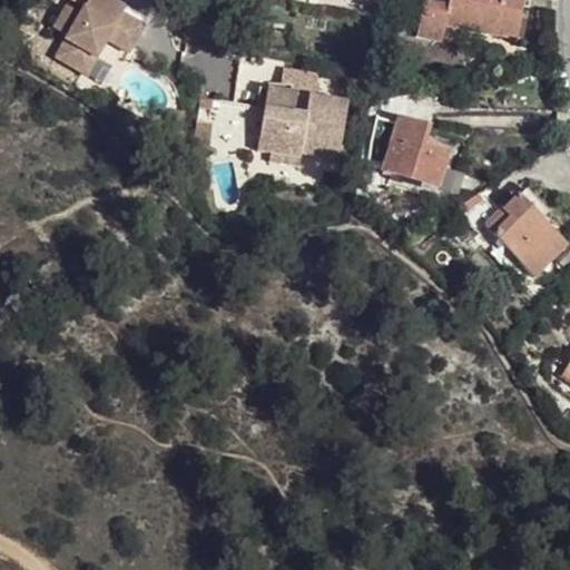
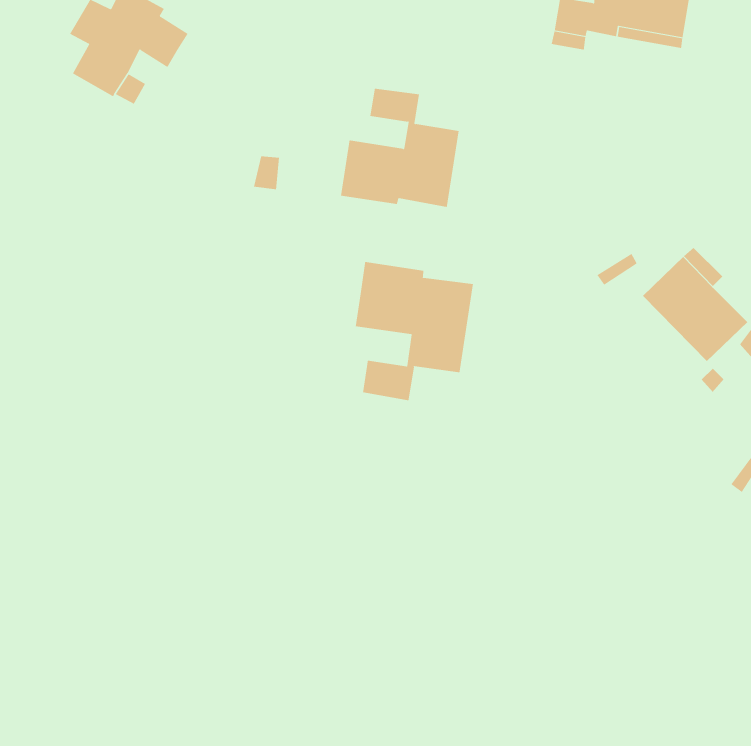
building: [383,117,445,185] -> none
building: none -> [355,261,474,401]

